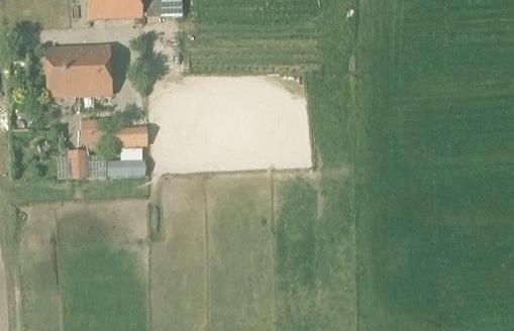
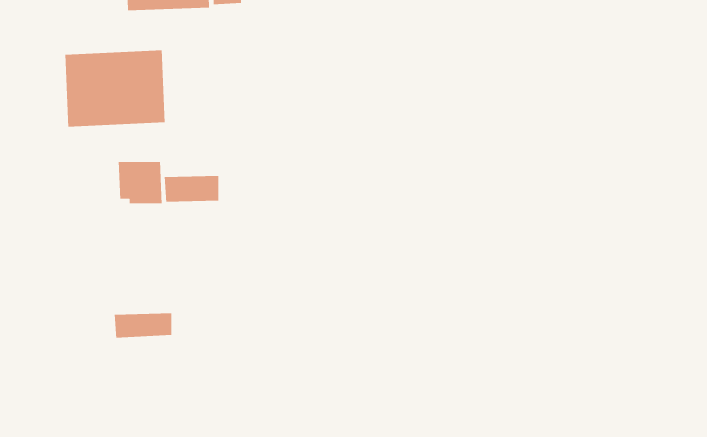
building: [68,151,90,179] -> none
building: [108,159,146,177] -> [114,313,172,339]

